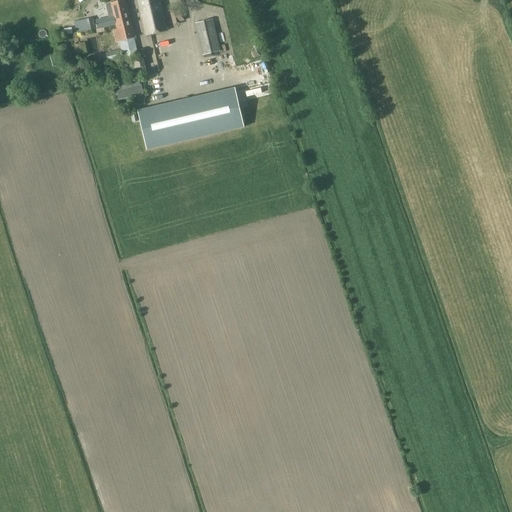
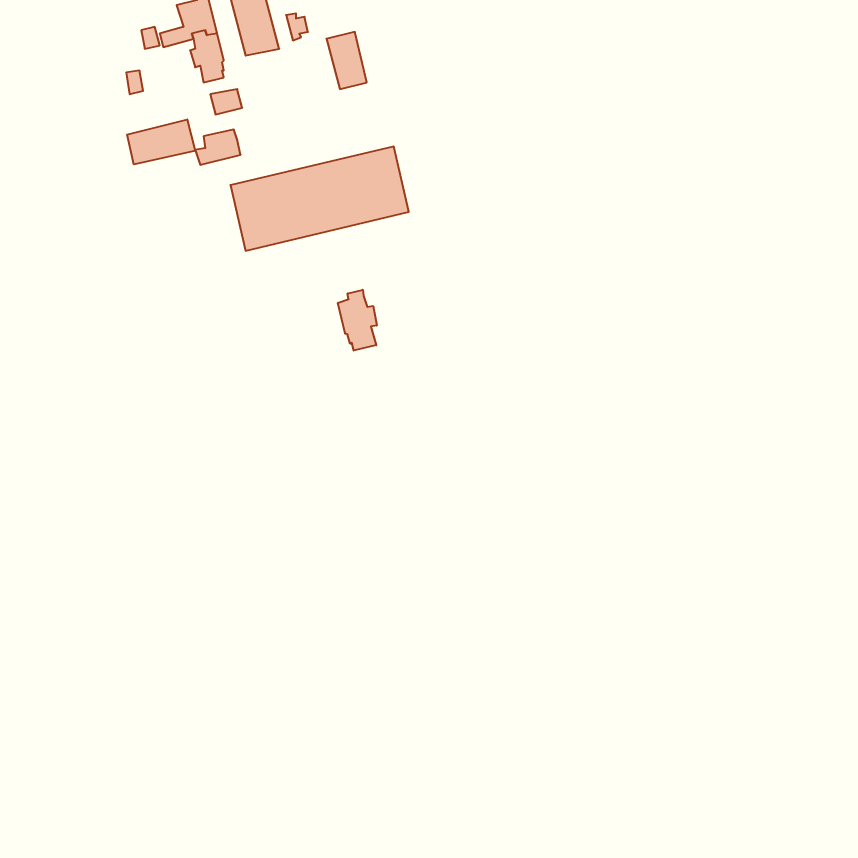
building: none -> [127,119,195,164]
building: none -> [338,290,377,351]

